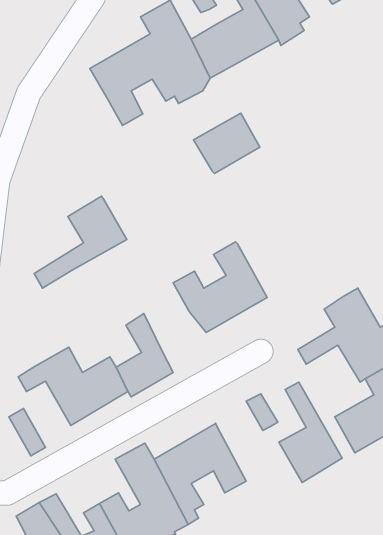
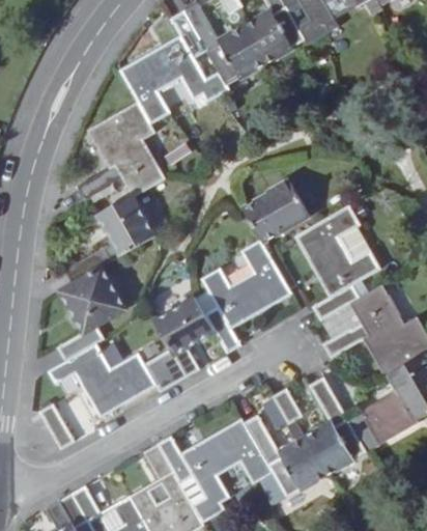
building: none -> [77,101,165,199]
building: [193,113,260,173] -> [244,181,309,241]
building: none -> [295,205,381,322]
building: none -> [57,267,126,361]
building: none -> [172,297,243,353]
building: none -> [245,414,328,498]

